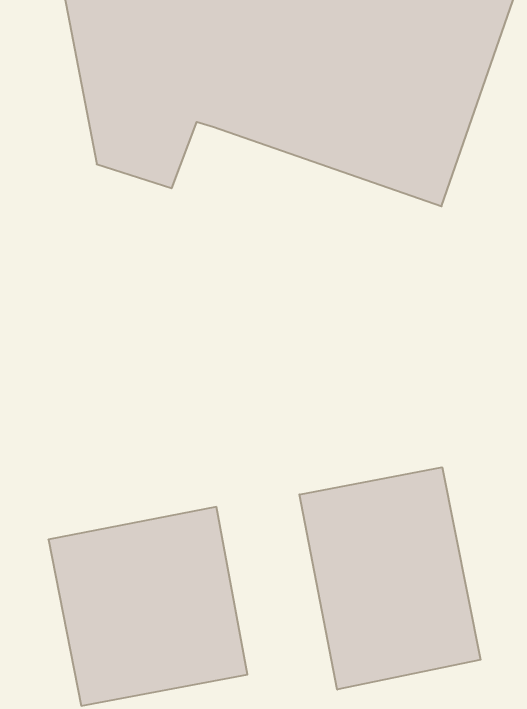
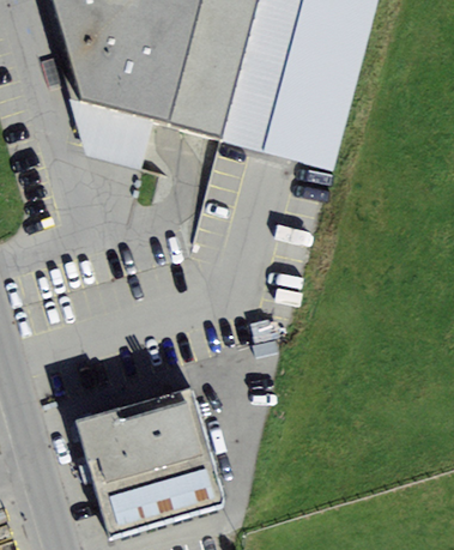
building: [299,467,481,690] -> none

